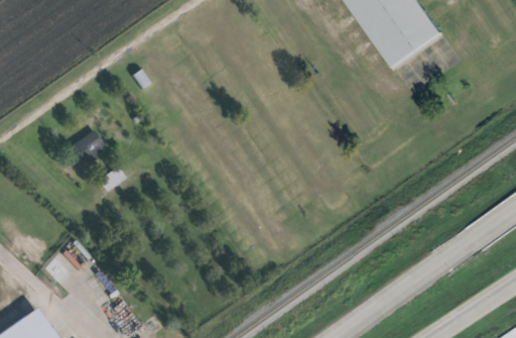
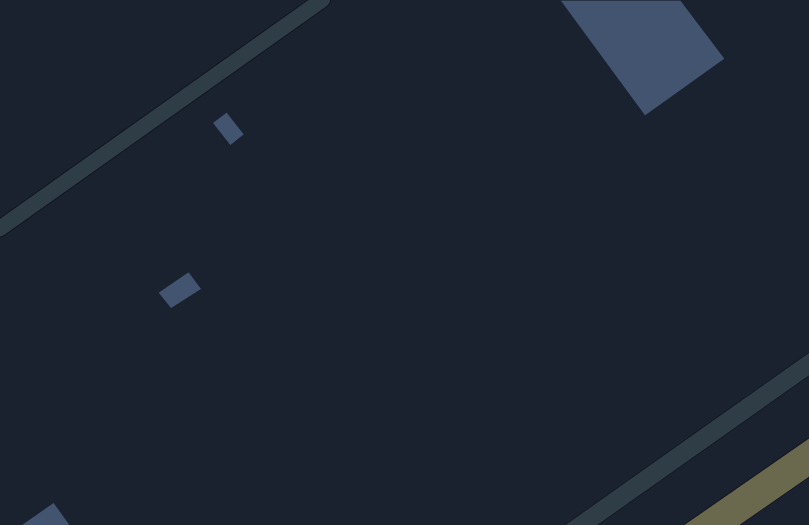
building: [73,131,105,160] -> none

